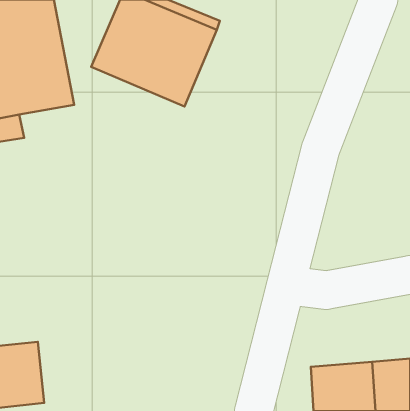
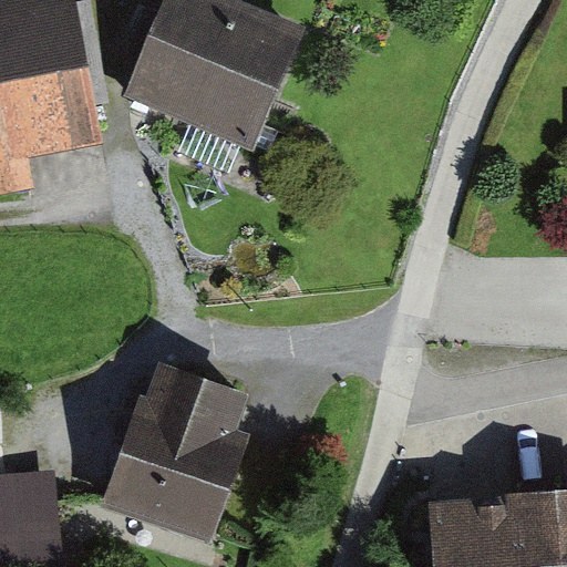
building: none -> [101,364,248,543]

